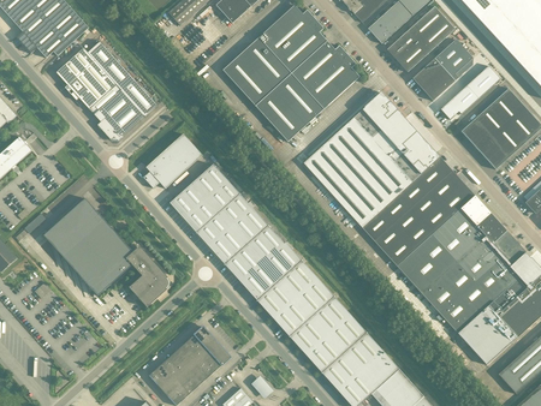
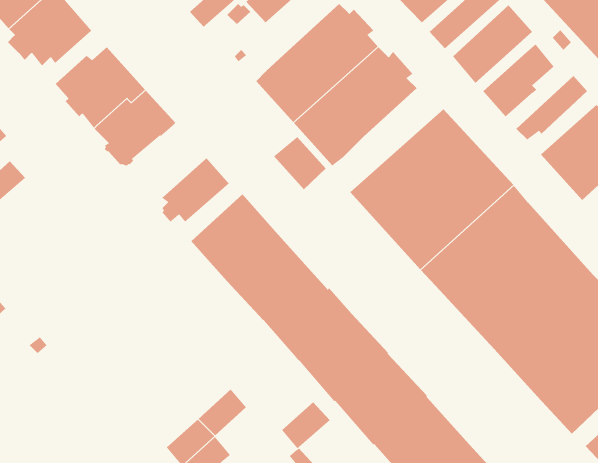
building: none -> [273,136,327,190]
building: [43,197,168,305] -> none
building: [190,341,231,381] -> [281,401,330,449]

